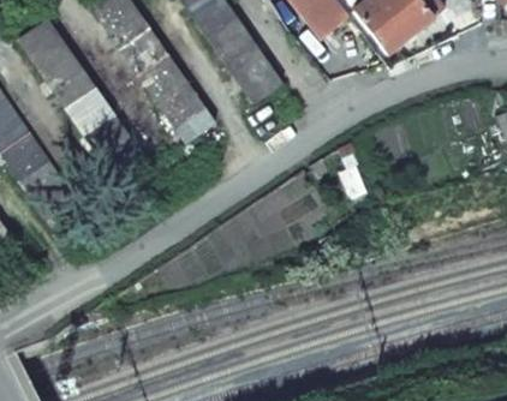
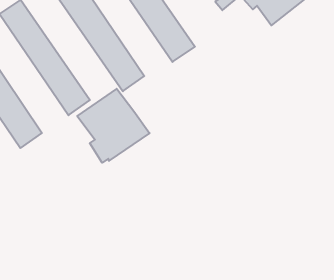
building: none -> [77,89,150,163]

